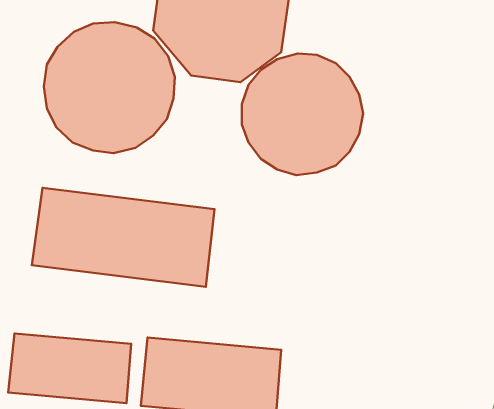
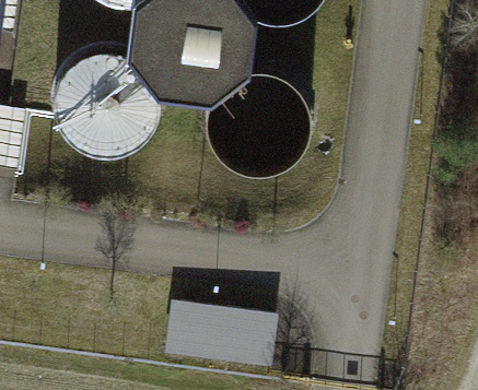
building: [32,188,215,287] -> none
building: [8,333,131,403] -> none

